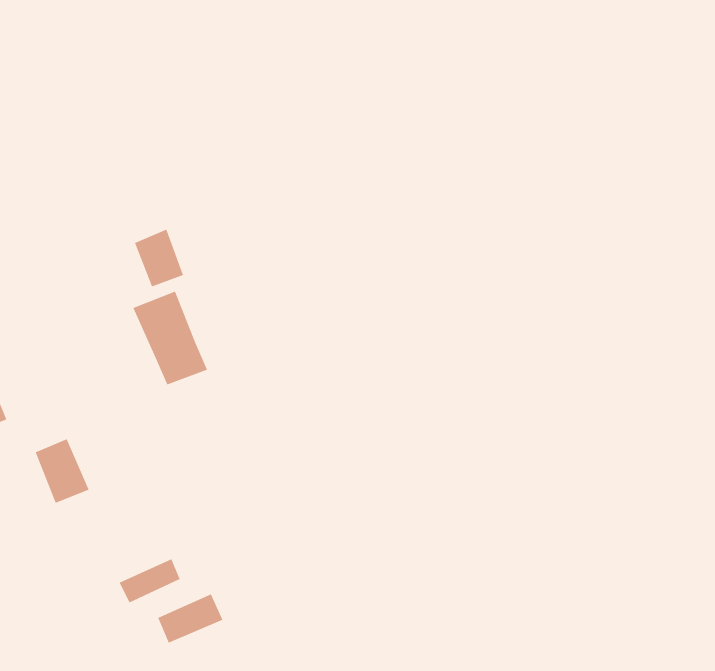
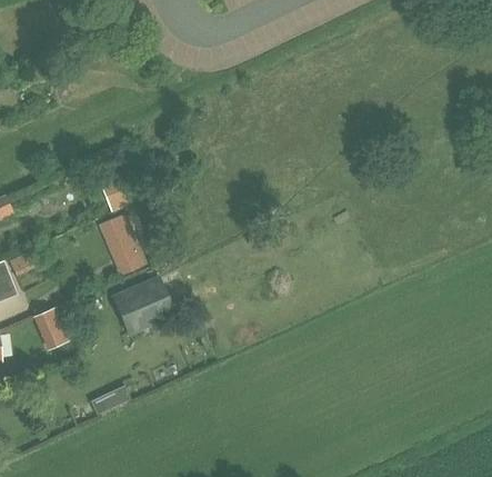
building: none -> [110,275,175,336]
building: [158,593,223,644] -> none

